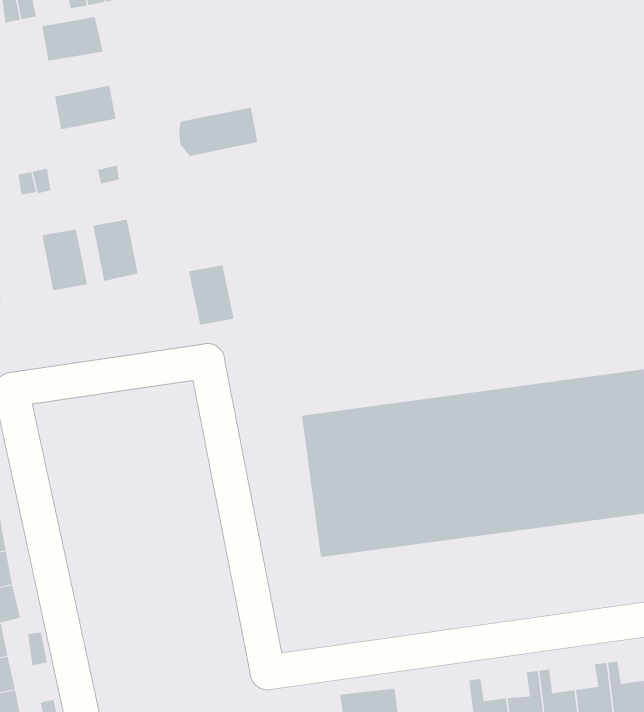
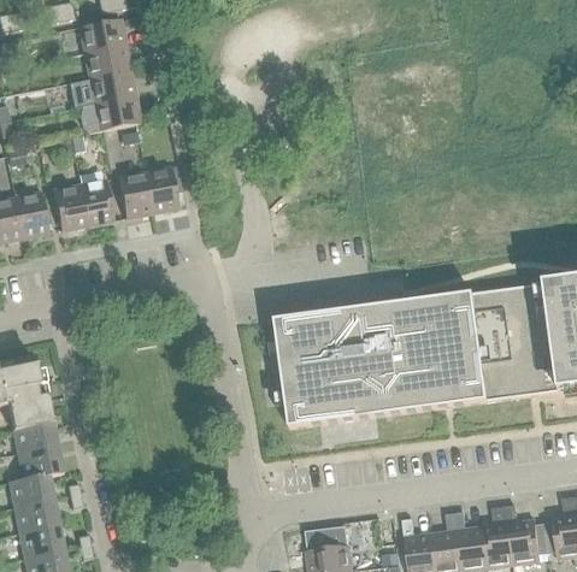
building: none -> [84,43,131,77]
building: [178,107,258,157] -> [81,94,141,131]
building: none -> [53,182,88,229]
building: [188,265,234,325] -> [145,165,179,211]

